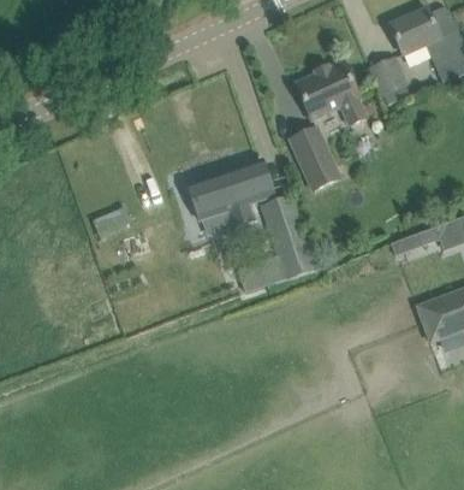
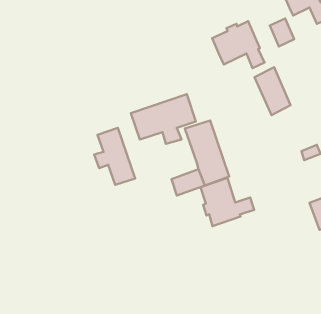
building: [290,126,338,190] -> [254,67,291,115]
building: none -> [94,128,135,185]
building: none -> [200,178,254,226]

